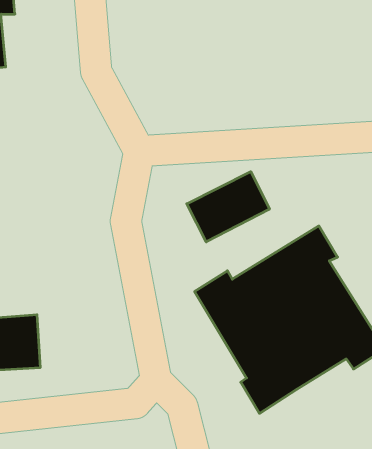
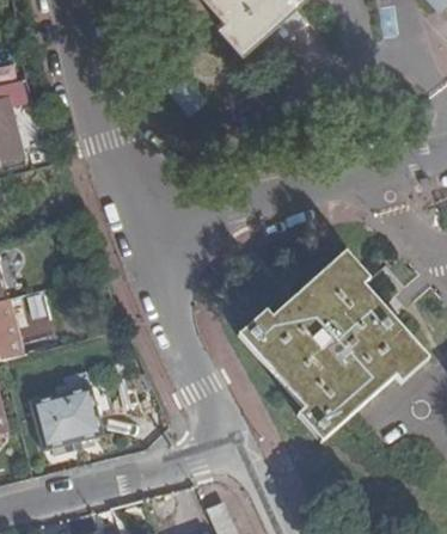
building: [187,172,269,242] -> none

